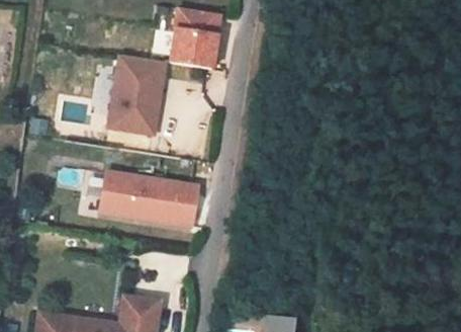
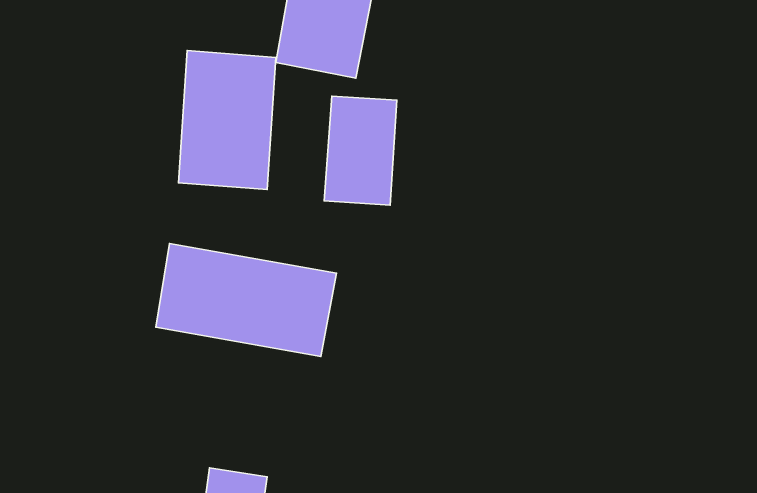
building: none -> [324,96,397,205]

